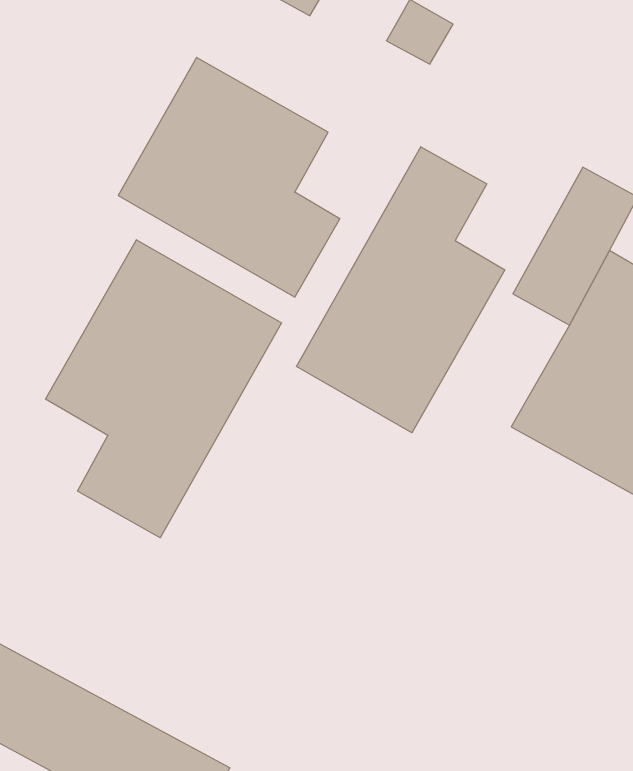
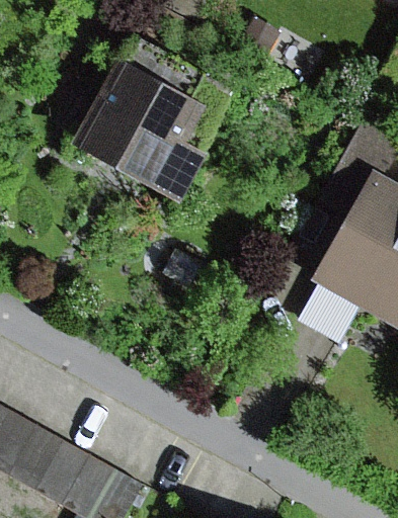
building: [296,147,505,433] -> none
building: [46,240,282,538] -> none

